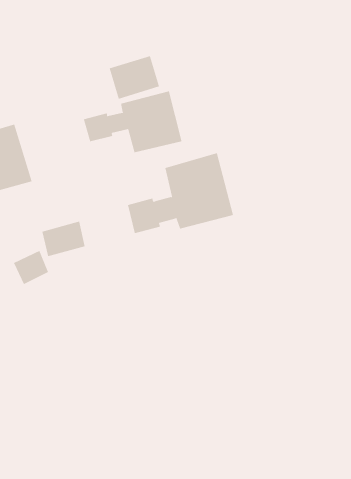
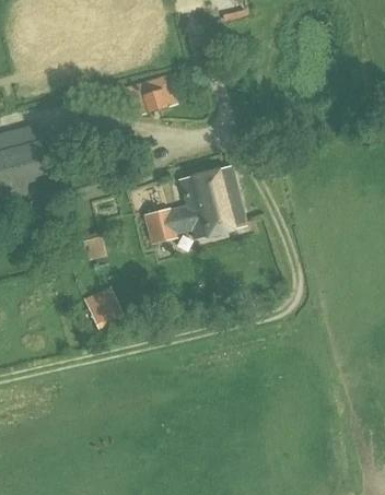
building: [83,91,182,153] -> none
building: [13,250,49,285] -> [89,293,122,326]

